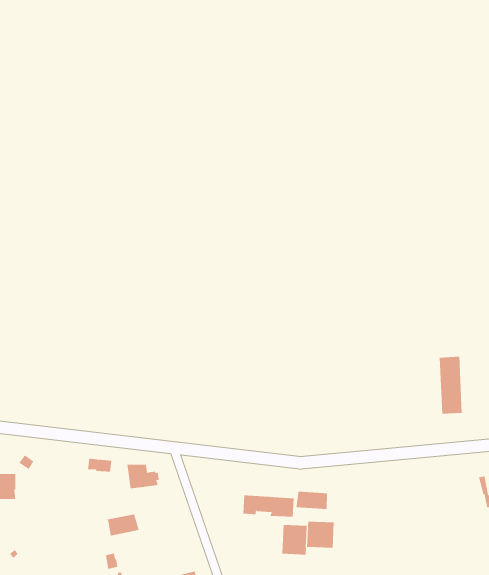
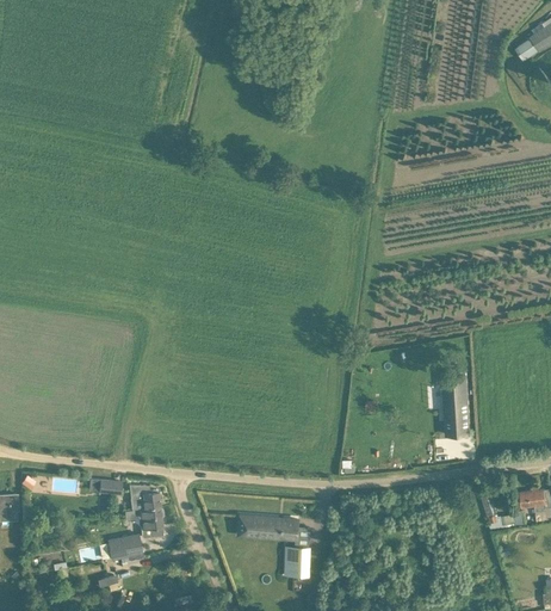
building: none -> [131,506,162,537]
building: [296,491,329,510] -> none
building: [307,521,334,548] -> none

